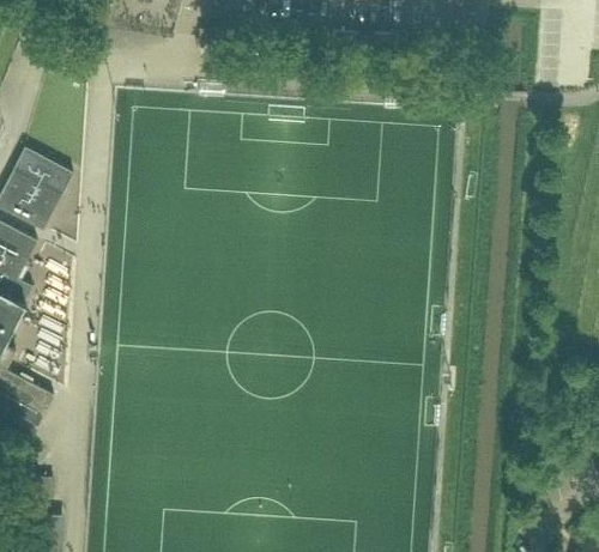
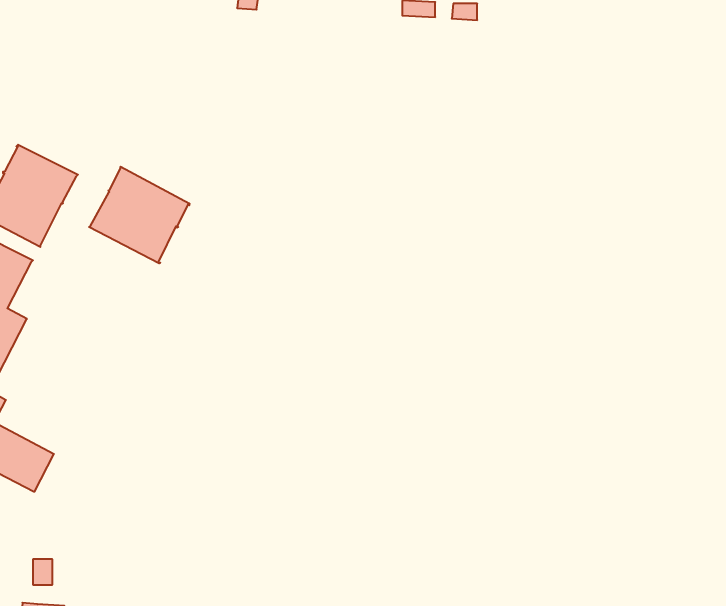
building: none -> [89,167,189,263]

